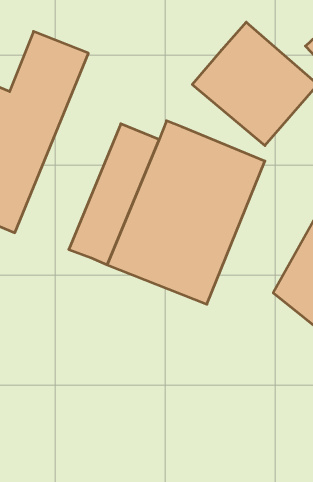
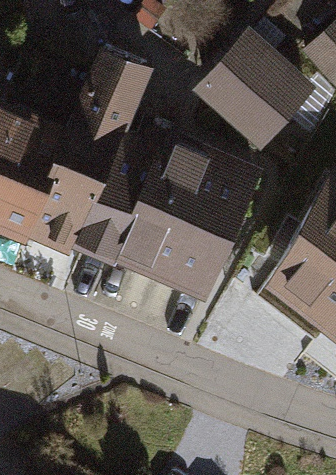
building: none -> [24,43,152,254]

